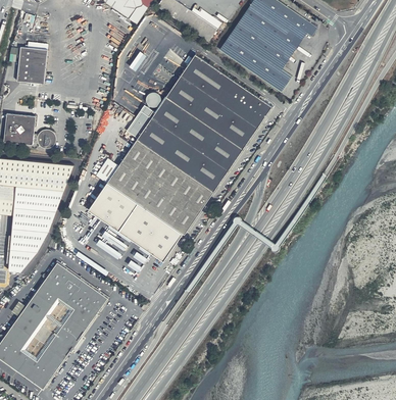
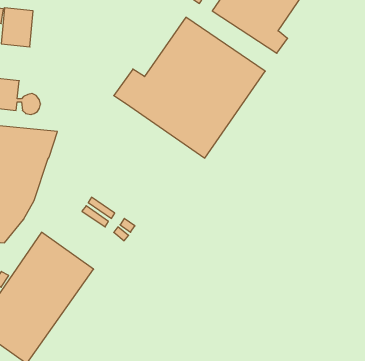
building: [87,138,213,261] -> none

